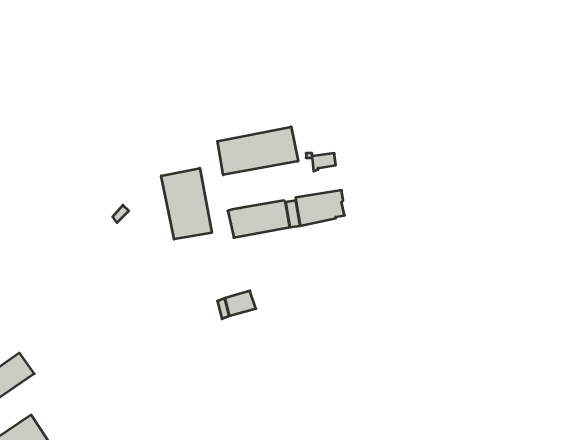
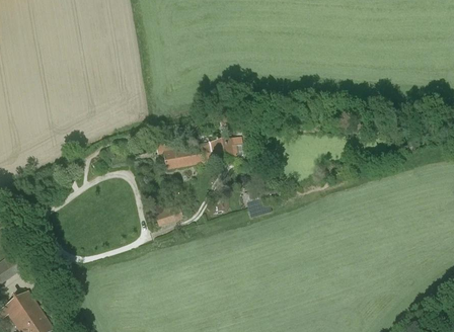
building: [217,127,298,175] -> none
building: [161,168,212,239] -> none

